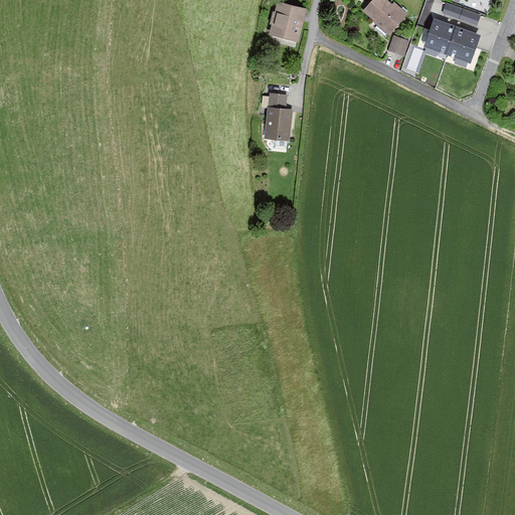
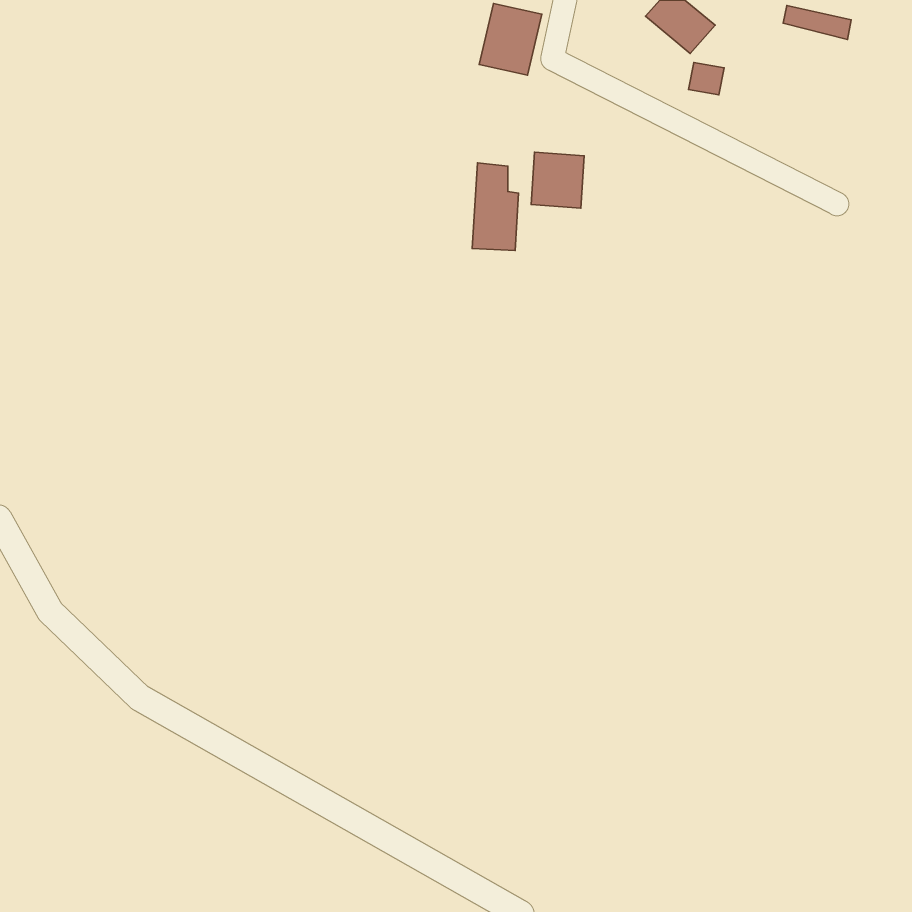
building: [422,18,480,63] -> none
building: none -> [531,152,584,208]

